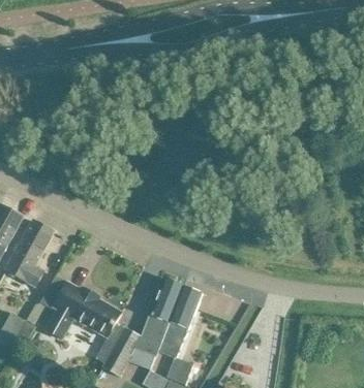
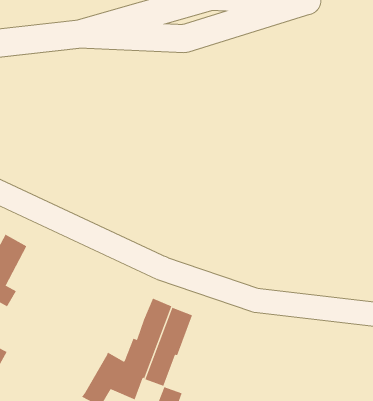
building: [48,281,124,362] -> none

